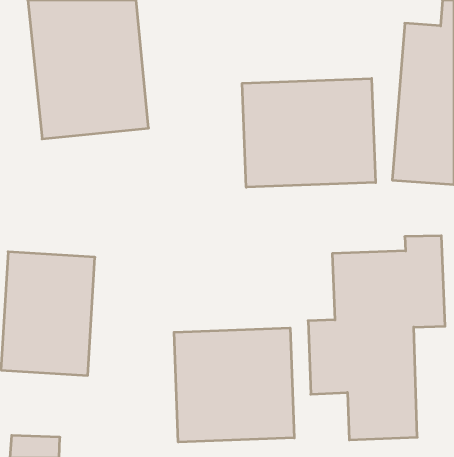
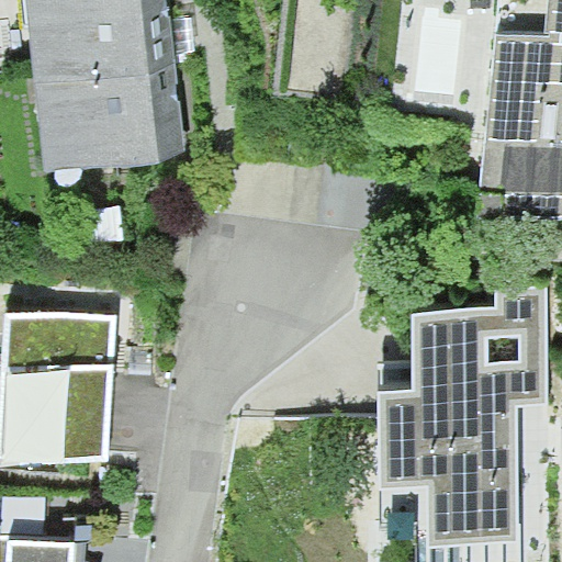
building: [242,78,376,187] -> none
building: [174,328,294,442] -> none

